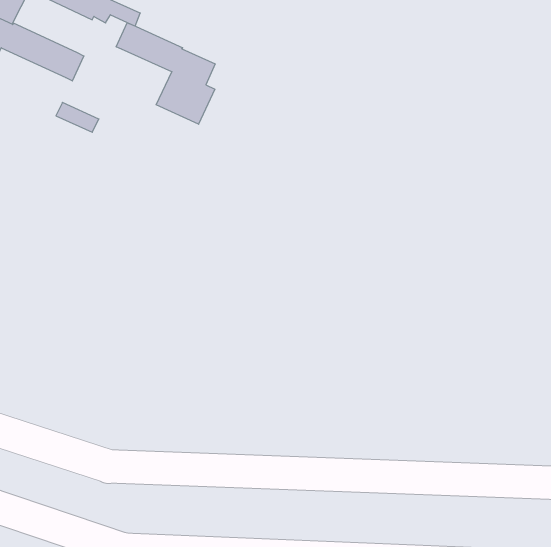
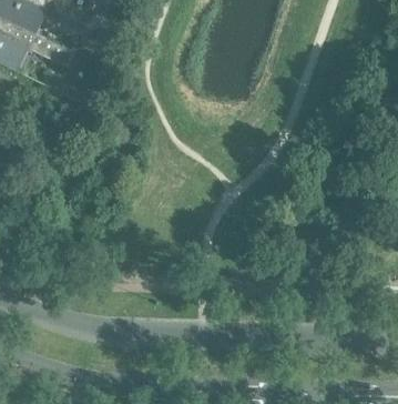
building: [116,23,215,124] -> none

